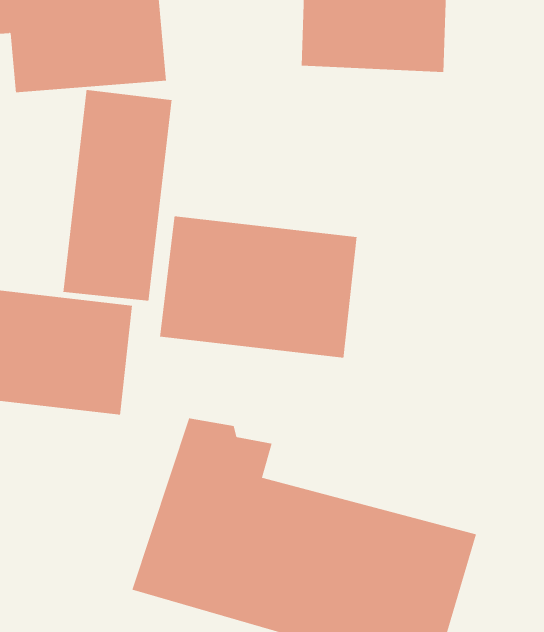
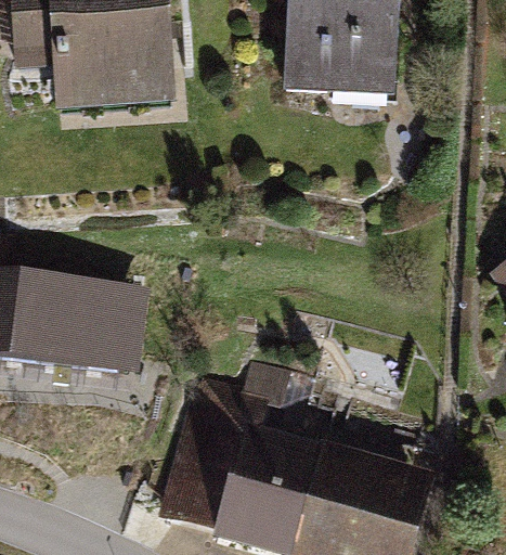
building: [63,89,172,302] -> none
building: [160,216,357,358] -> none

